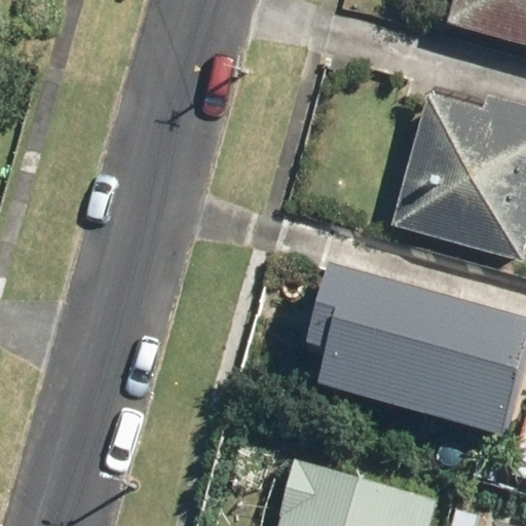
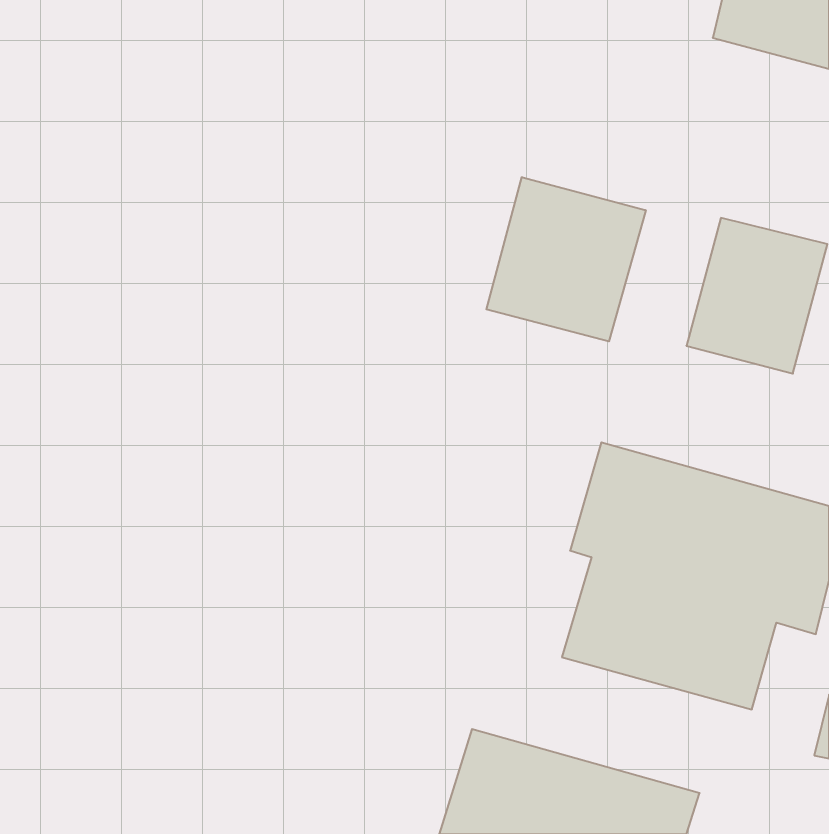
building: none -> [486,177,646,341]

